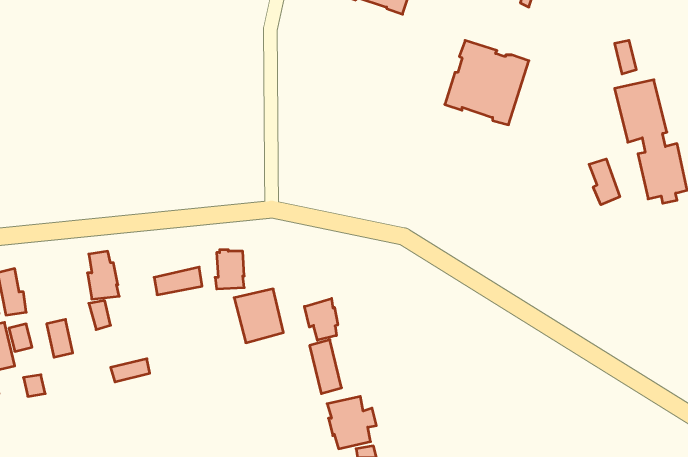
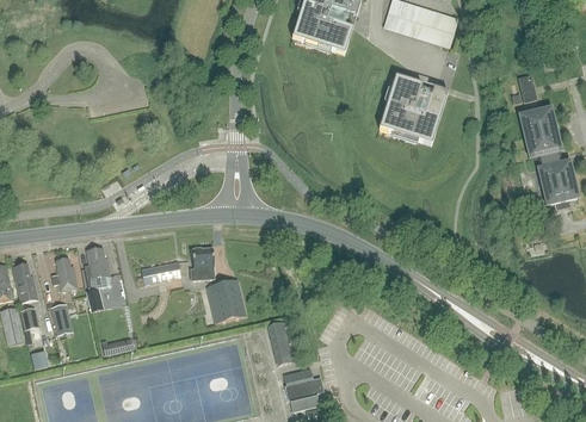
building: [589,159,620,205] -> none
building: none -> [51,257,78,290]
building: [304,298,338,340] -> none

